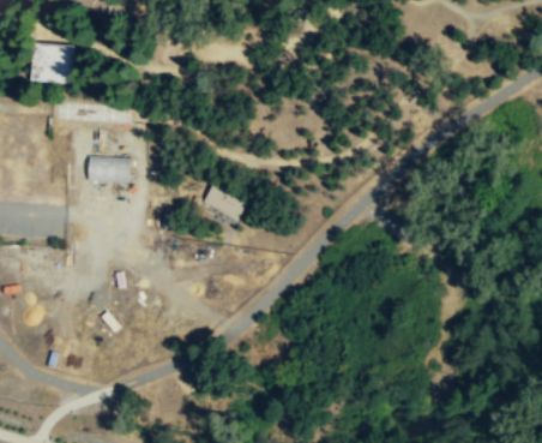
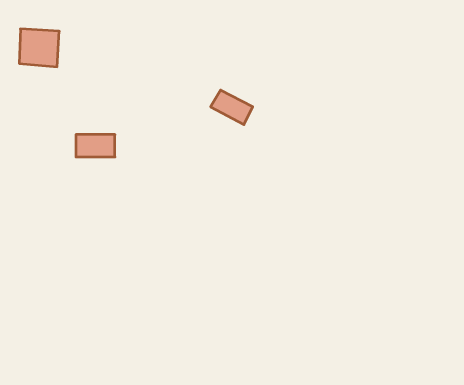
building: [206,184,252,221] -> [211,90,253,125]

